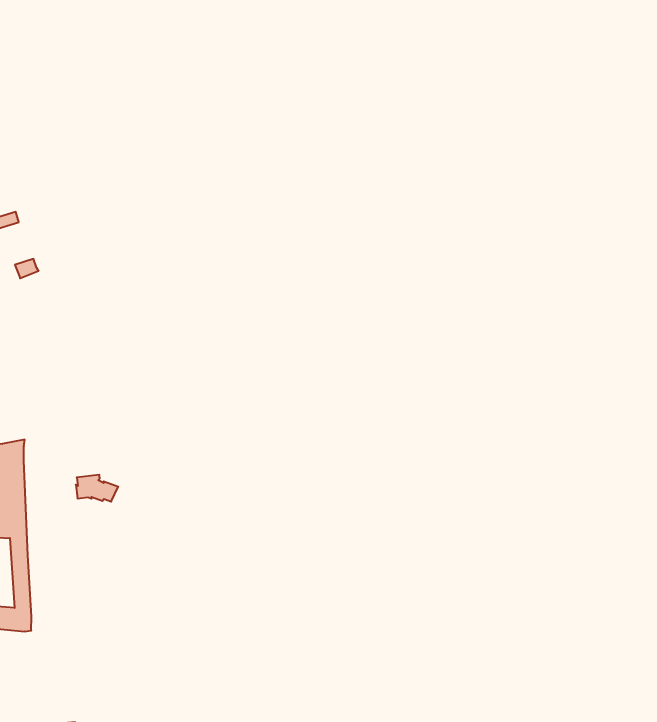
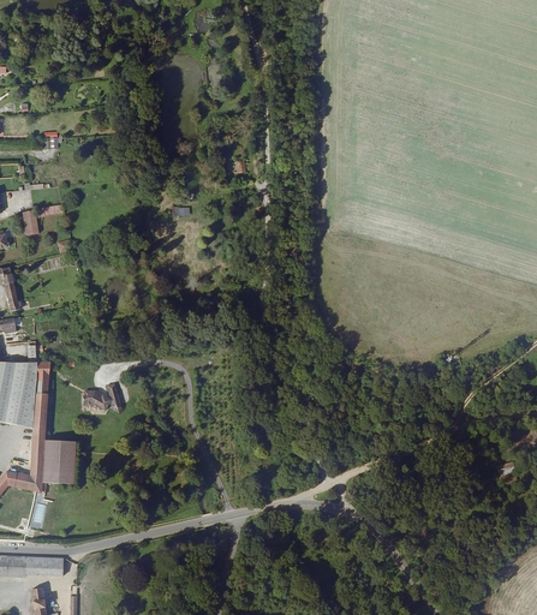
building: none -> [41,440,74,484]

